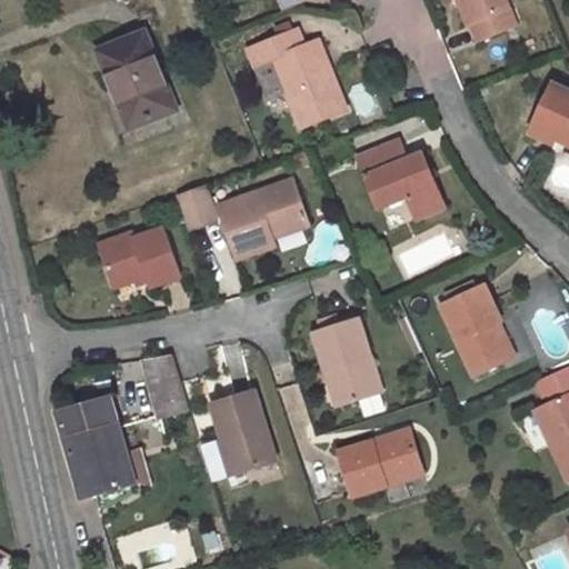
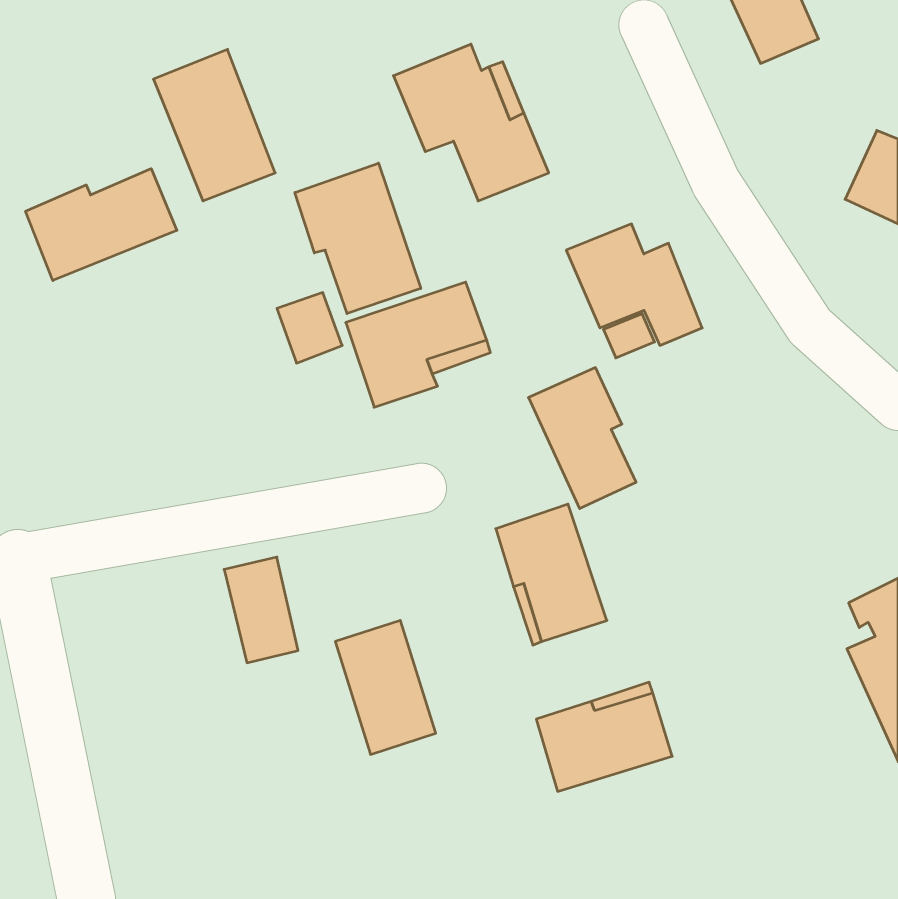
building: none -> [295,163,421,314]
building: none -> [26,169,177,281]
building: [99,228,180,286] -> none
building: [440,286,508,375] -> [528,368,636,509]
building: [53,386,133,496] -> none

